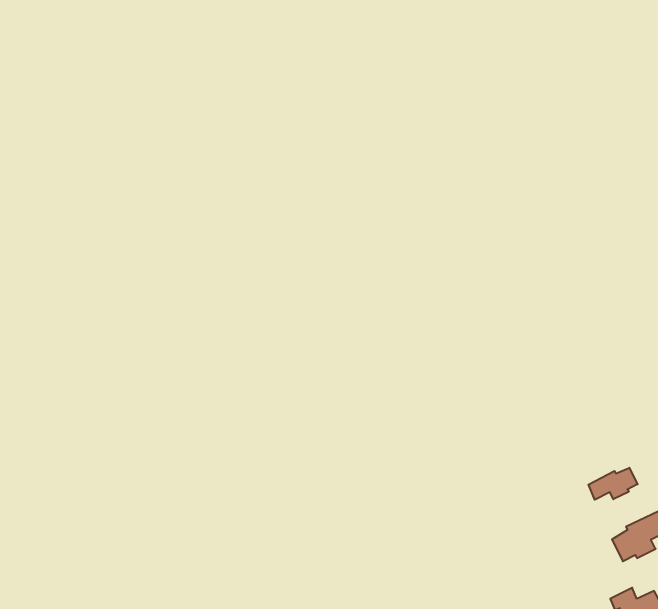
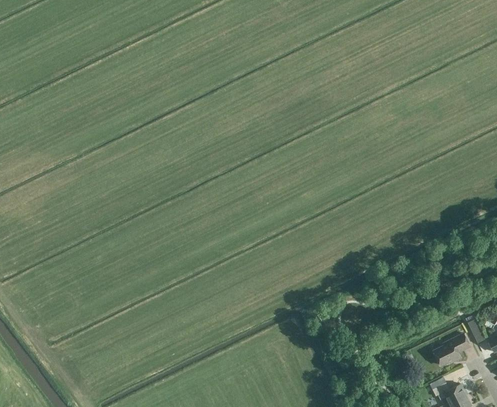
building: [588,468,638,500] -> none

